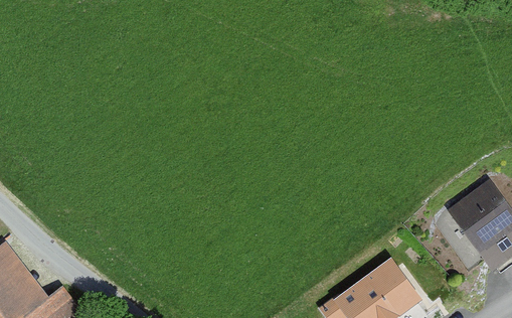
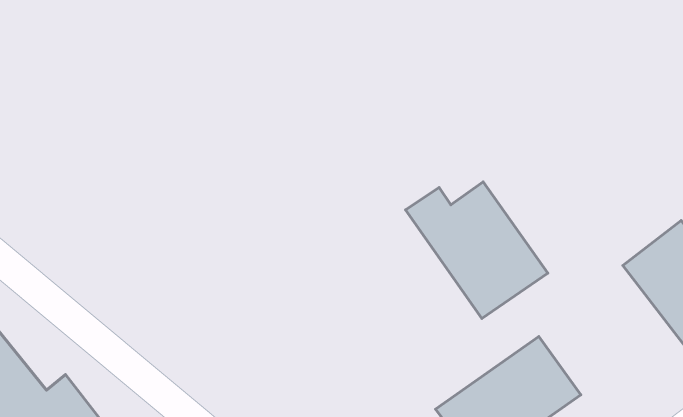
building: none -> [406,182,548,318]

